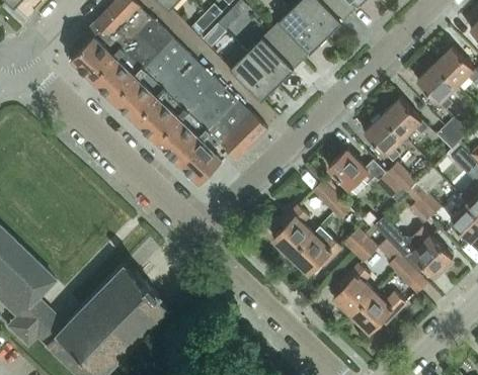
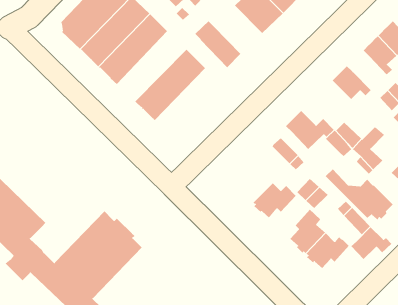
building: [247,29,303,85] -> none
building: [136,59,216,139] -> none
building: [179,101,268,183] -> none
building: [365,115,405,161] -> none
building: [273,205,315,256] -> none
building: none -> [351,227,392,260]

